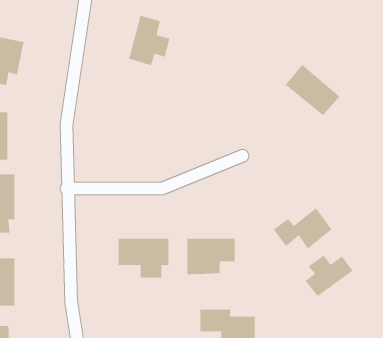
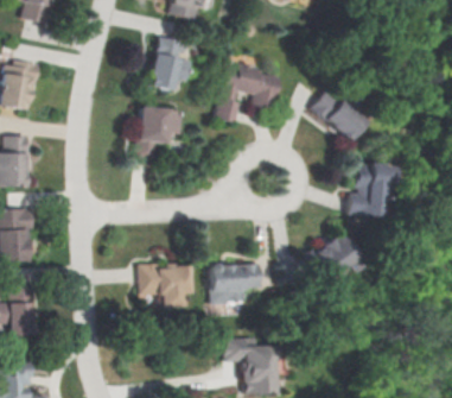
building: none -> [215,61,285,121]
building: none -> [140,110,183,144]
building: none -> [346,165,395,216]
building: [304,255,354,297] -> none

